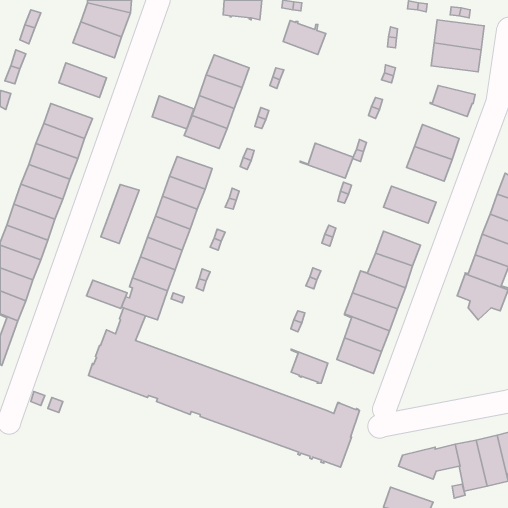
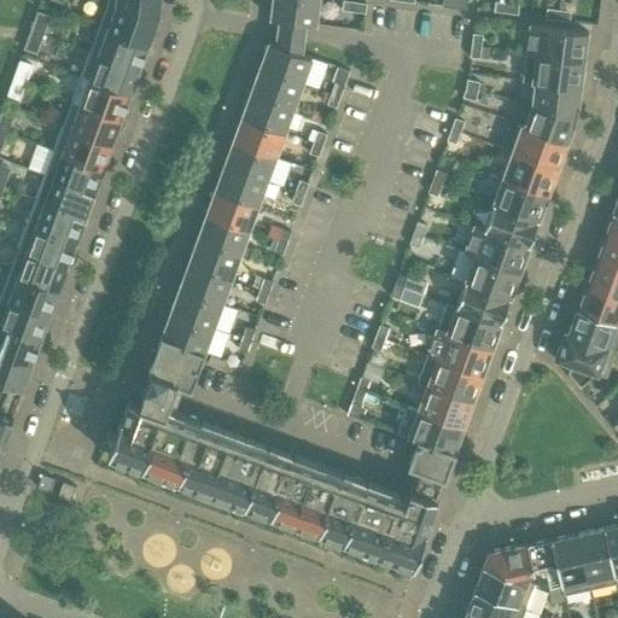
building: [283,21,326,54] -> [261,42,313,83]
building: none -> [81,53,140,95]
building: none -> [524,81,581,116]
building: none -> [63,101,122,145]
building: [152,96,194,129] -> [216,165,267,205]
building: none -> [513,127,567,169]
building: [300,143,353,178] -> [476,204,540,246]
building: [101,184,139,244] -> none
building: none -> [466,252,520,298]
building: [87,280,127,309] -> none
building: [291,349,328,383] -> [409,437,454,478]
building: none -> [474,566,527,610]

